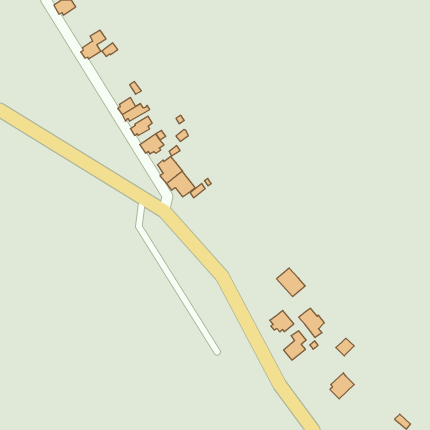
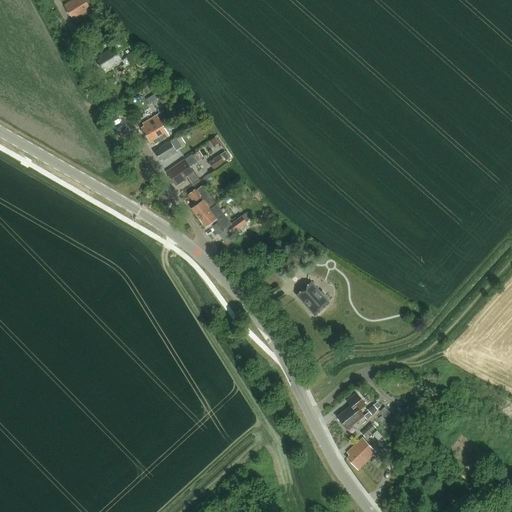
building: [277,268,305,297] -> [295,281,329,315]
building: [299,308,324,338] -> none
building: [270,310,294,332] -> none
building: [330,373,354,399] -> [346,438,375,469]

